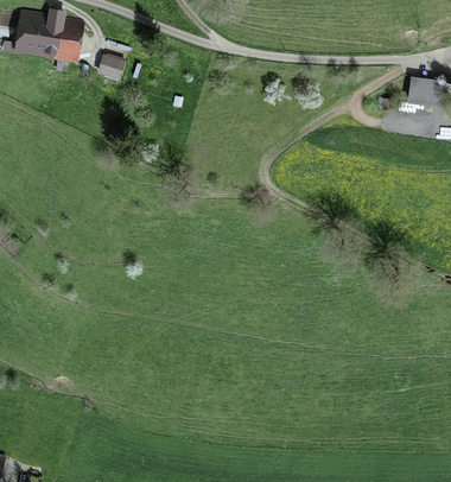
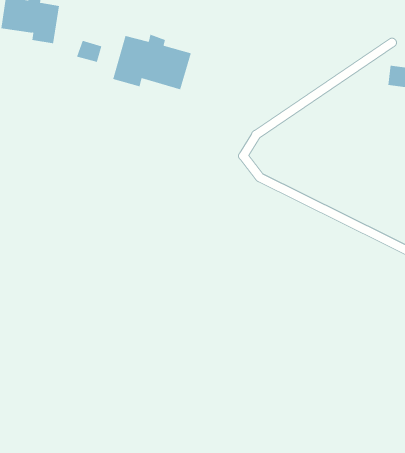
building: none -> [112,34,192,90]

